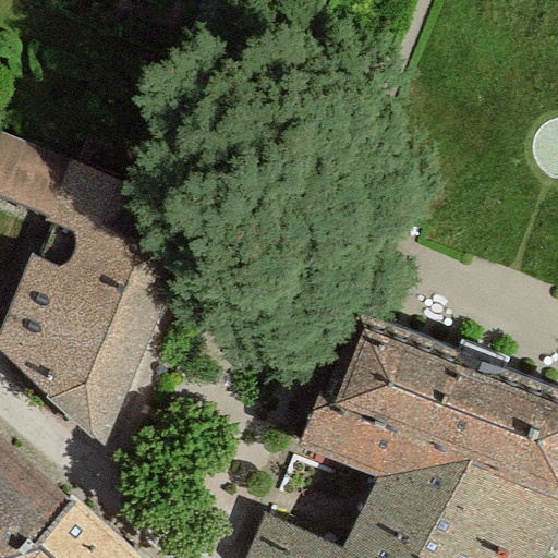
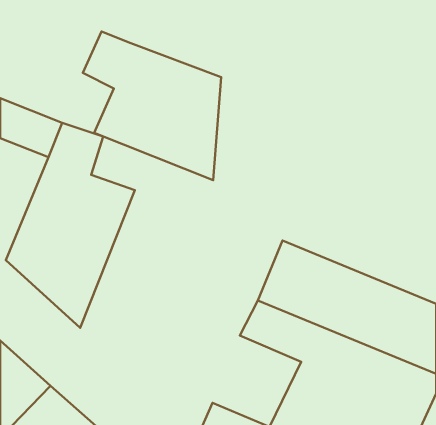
building: none -> [83,31,221,180]

